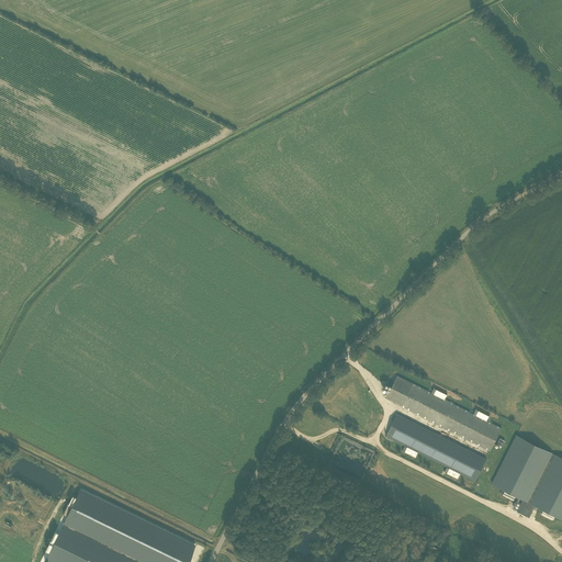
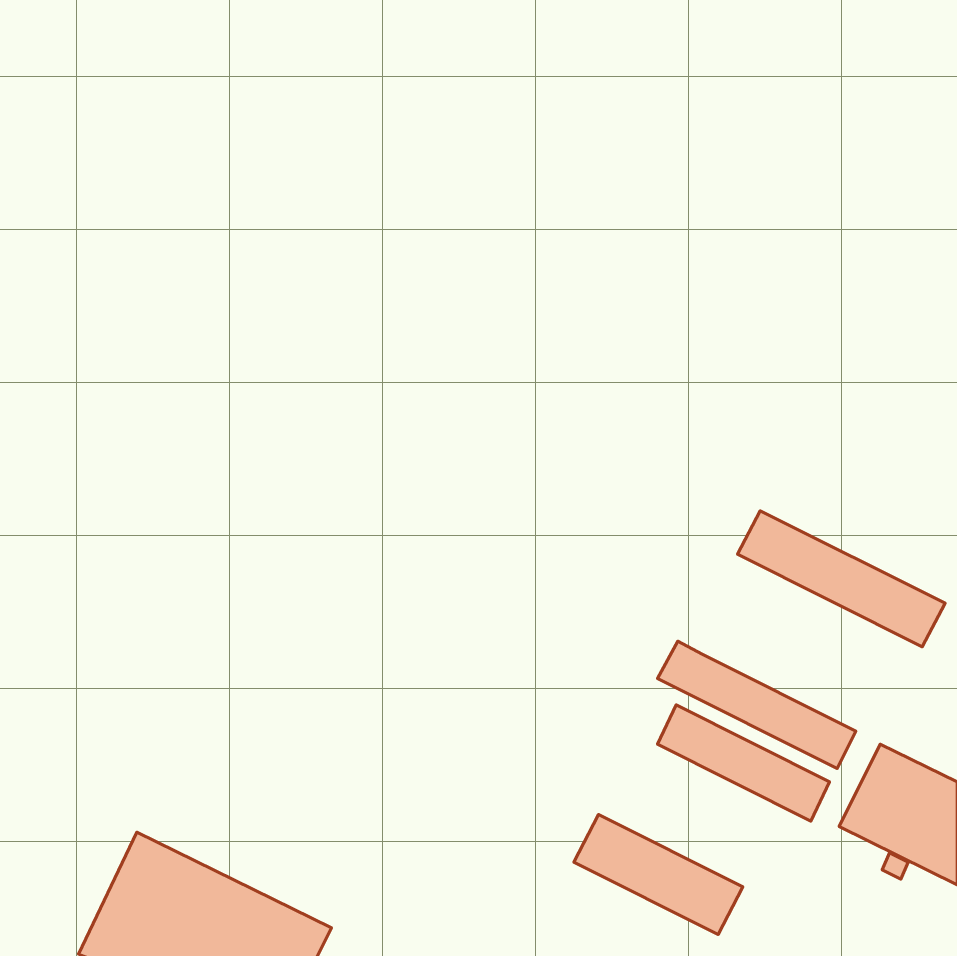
building: none -> [738,511,945,647]
building: none -> [574,815,743,935]

